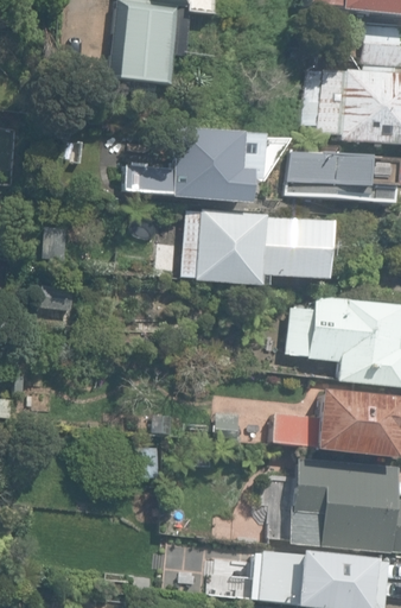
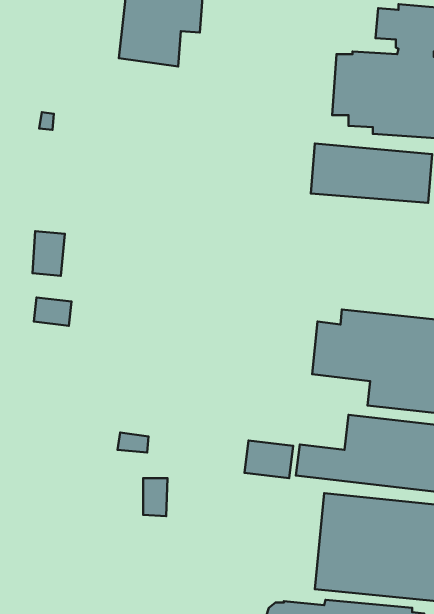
building: [127,127,263,204] -> none
building: [182,207,329,284] -> none

